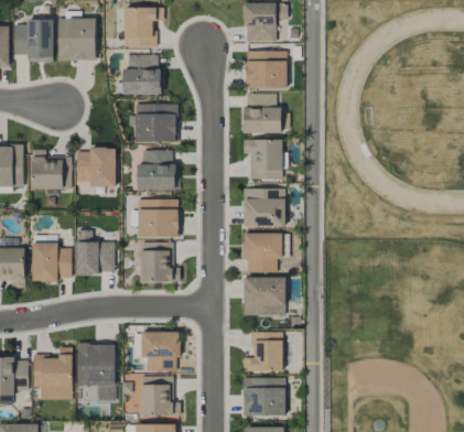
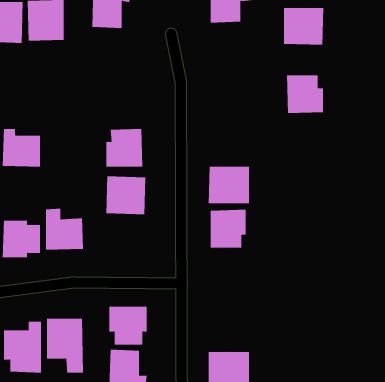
building: [245,51,287,89] -> [283,7,324,45]
building: [122,54,160,95] -> none
building: [242,94,281,133] -> [286,75,324,114]
building: [134,104,176,142] -> none
building: [241,139,281,180] -> none
building: [75,148,115,186] -> none
building: [139,242,179,282] -> none
building: [241,278,284,315] -> none
building: [242,332,282,371] -> none

